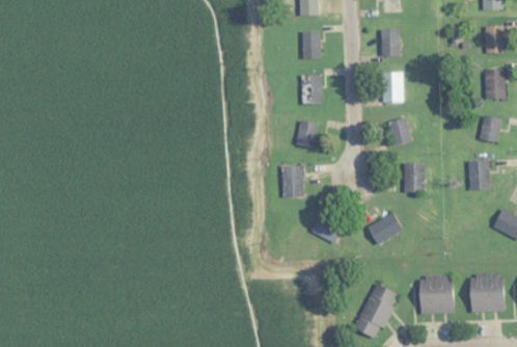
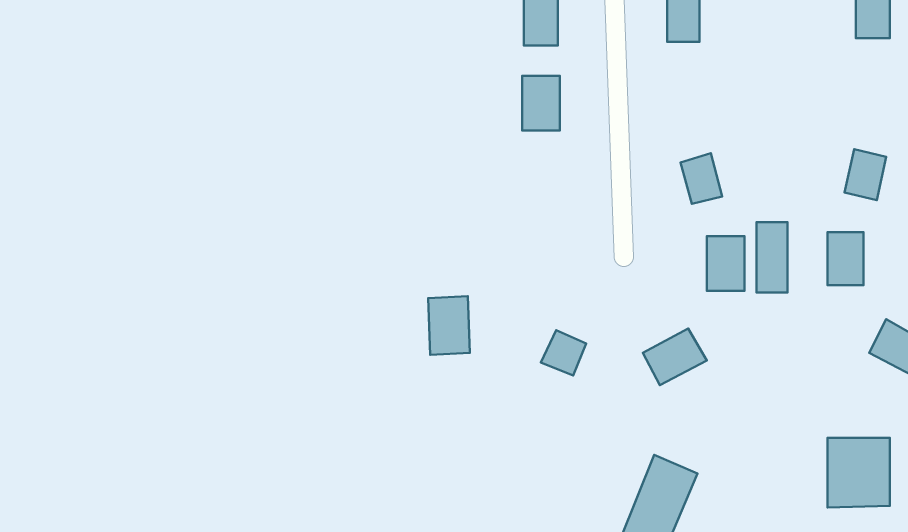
building: [485,70,505,98] -> none
building: [384,72,402,101] -> none
building: [296,121,319,148] -> none
building: none -> [756,222,787,292]
building: [281,165,304,197] -> [428,296,470,355]
building: [418,275,453,314] -> none

